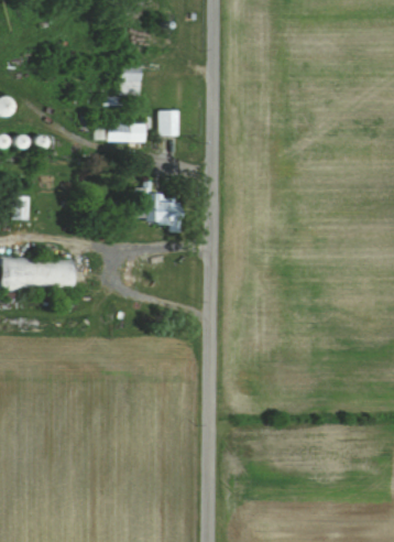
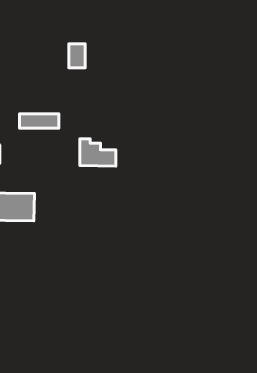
building: [158,110,179,135] -> none
building: [96,122,146,141] -> [20,114,59,128]

